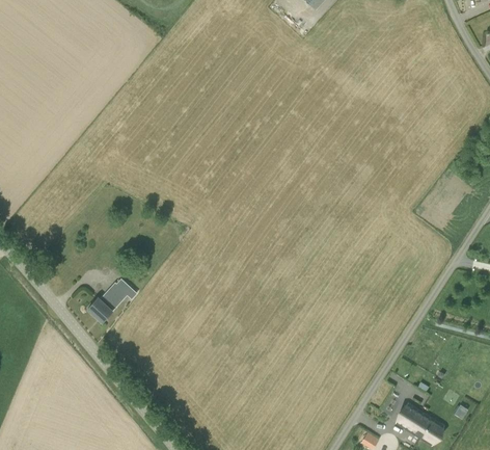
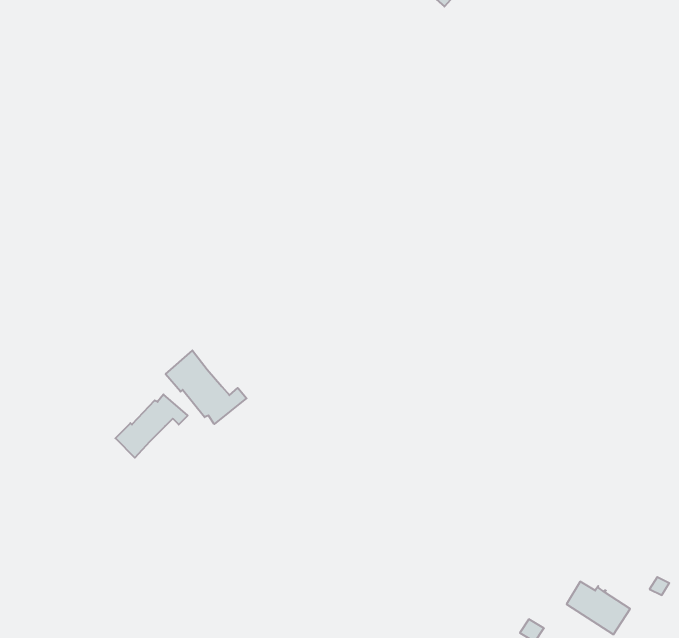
building: none -> [166,350,247,424]

